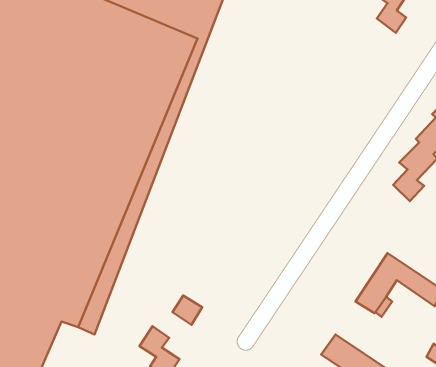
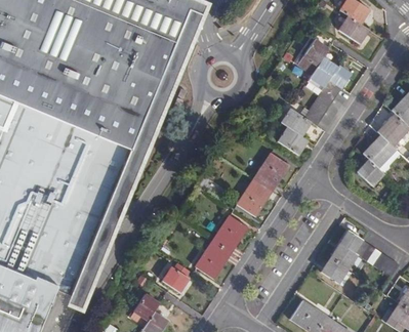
building: none -> [280,36,351,152]
building: none -> [237,153,288,215]
building: none -> [194,215,247,279]

